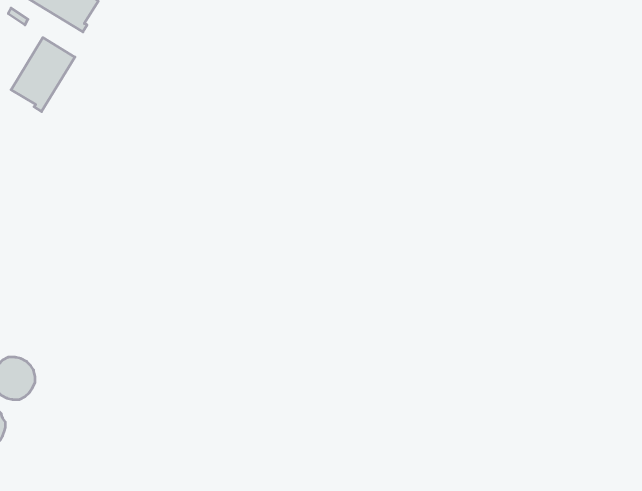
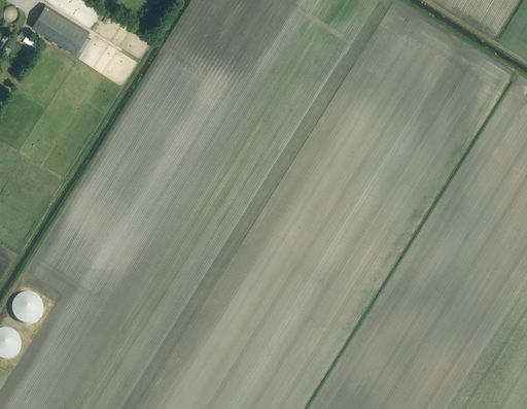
building: [11,38,75,112] -> none

